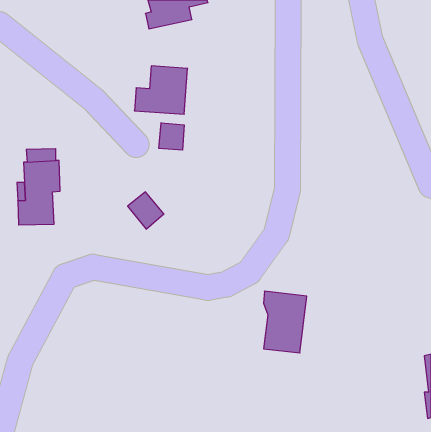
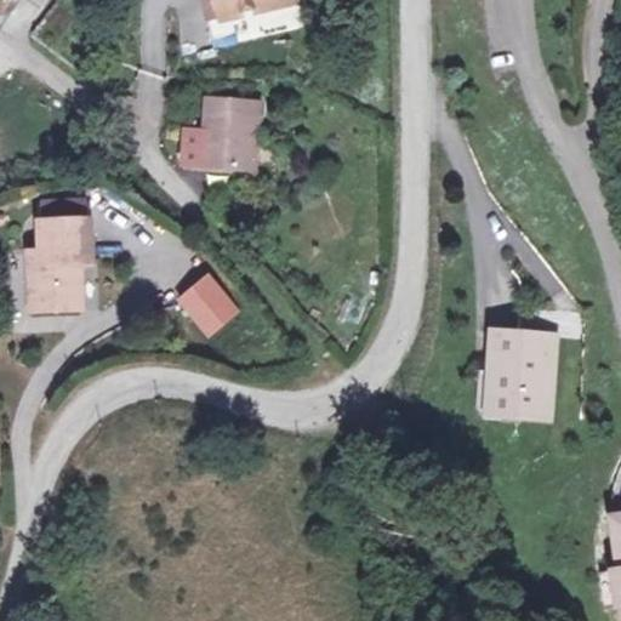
building: [159,123,184,150] -> none
building: [264,291,307,353] -> [485,329,547,417]

